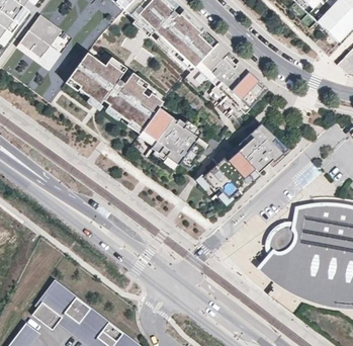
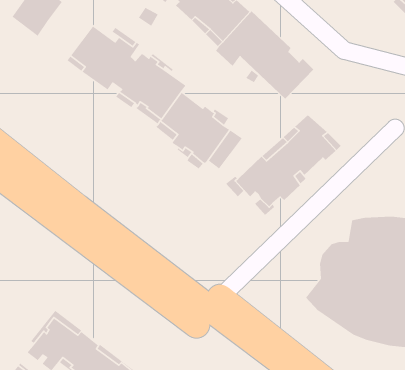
building: [17,44,62,71] -> none

